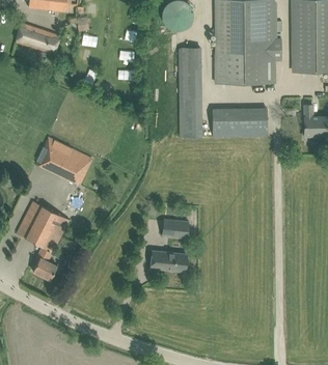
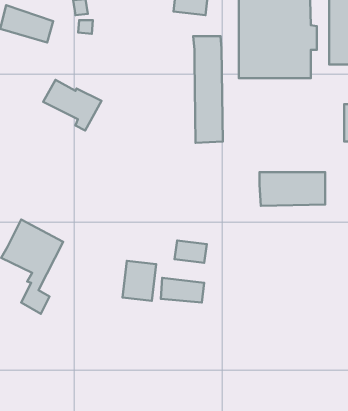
building: [212,109,267,137] -> [260,172,325,206]
building: [44,143,92,186] -> [43,80,101,130]
building: none -> [123,261,156,301]

